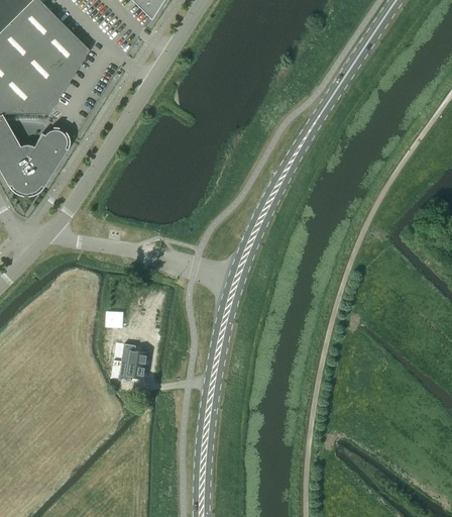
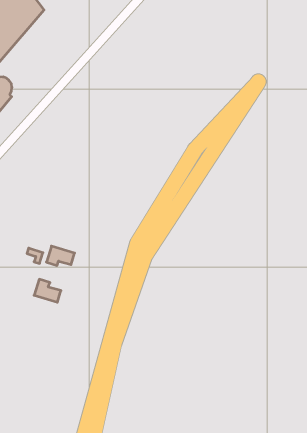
building: [118,361,147,382] -> [46,246,75,265]

